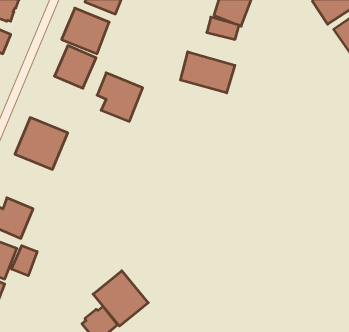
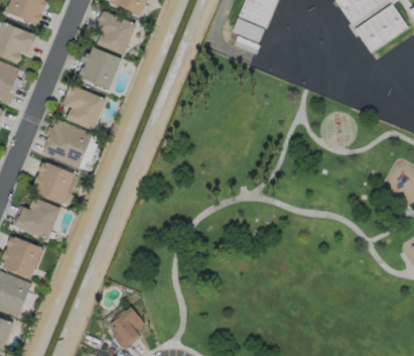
building: [180,52,235,93] -> none
building: [97,73,143,121] -> [62,83,108,131]
building: none -> [32,162,75,205]
building: [12,246,37,276] -> none
building: [93,271,148,326] -> none

